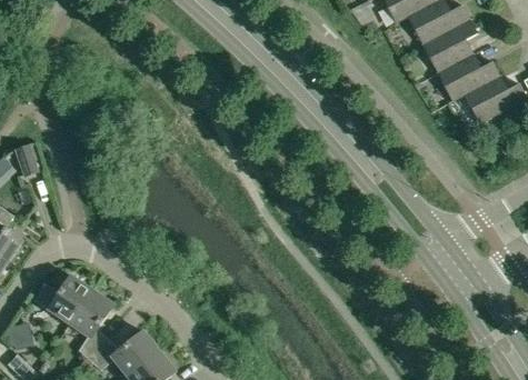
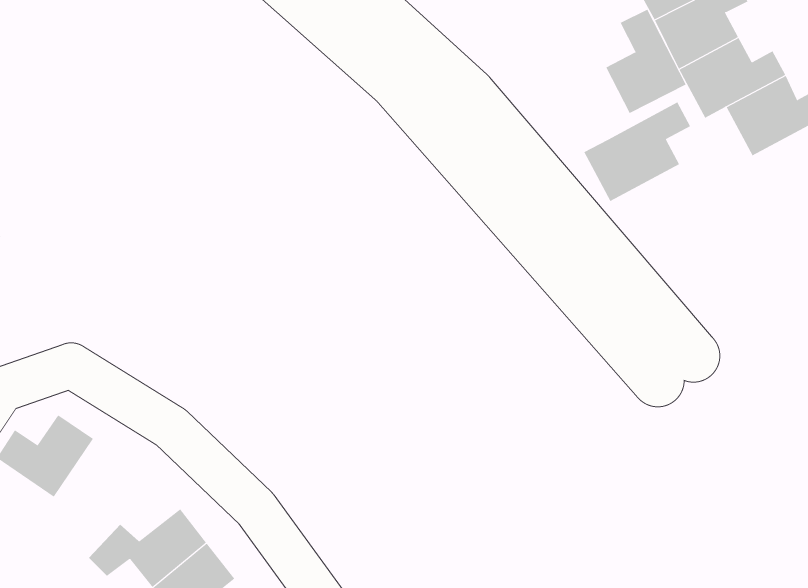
building: none -> [605,9,686,114]
building: none -> [584,102,691,202]
building: [68,289,112,359] -> none

